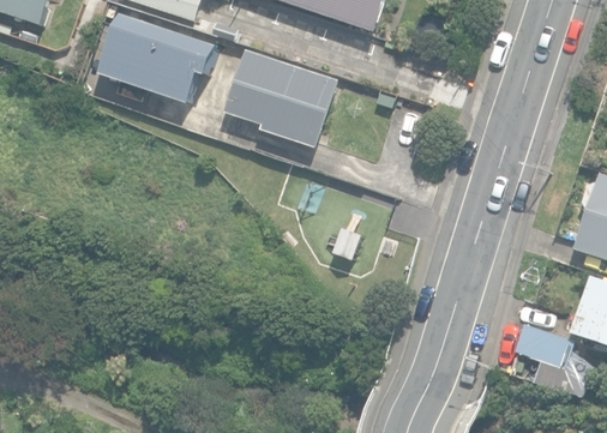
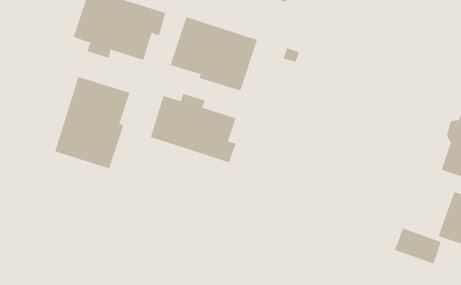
building: none -> [55,76,130,169]
building: none -> [150,93,237,163]

